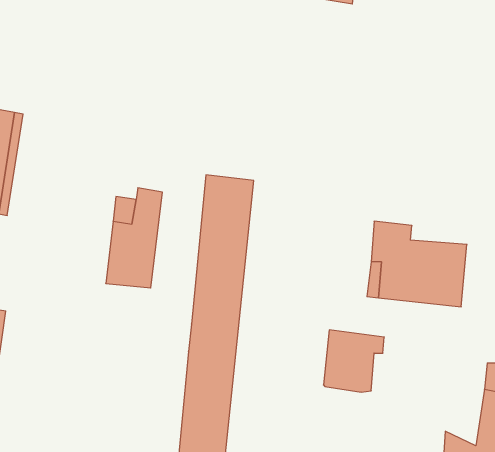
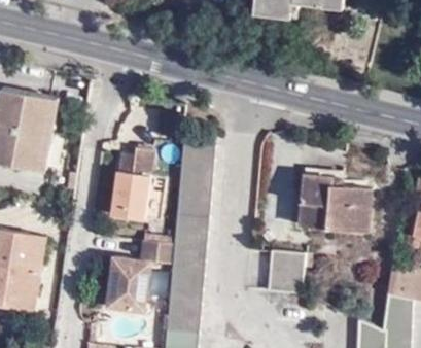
building: none -> [107,241,174,313]

